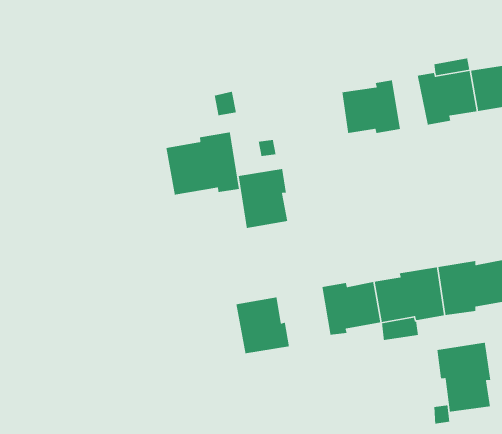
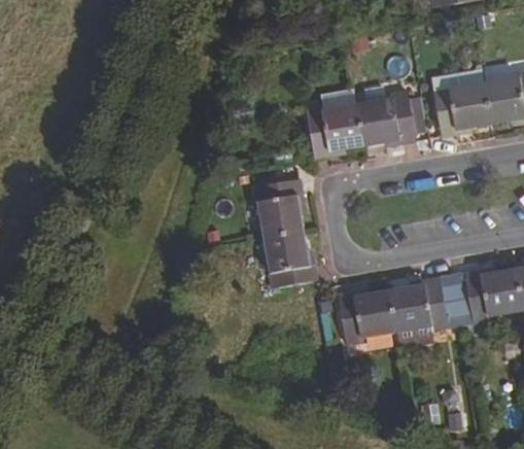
building: none -> [306,102,364,158]
building: [166,132,240,196] -> none
building: [235,297,290,354] -> [265,230,318,286]
building: [437,342,491,413] -> none

